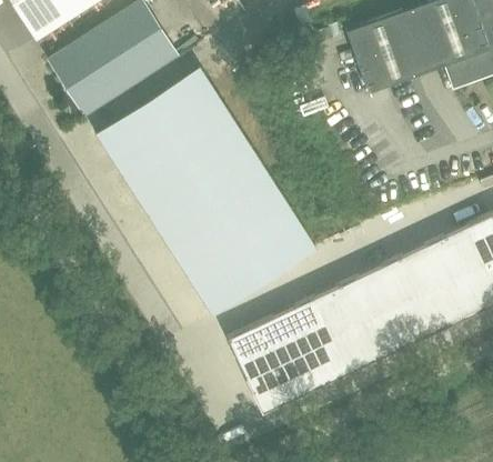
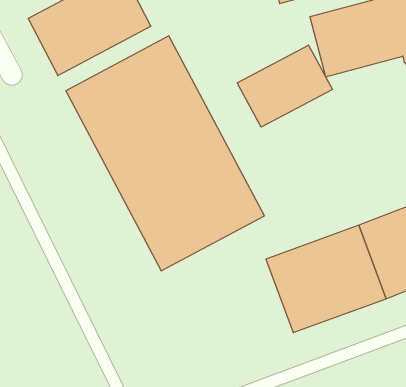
building: none -> [237,45,332,127]
building: [227,293,358,413] -> none

